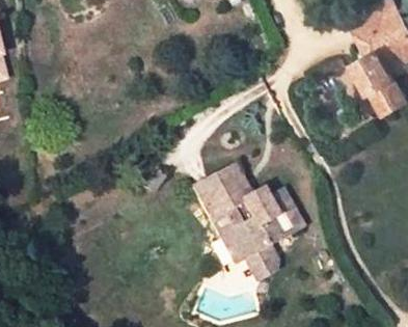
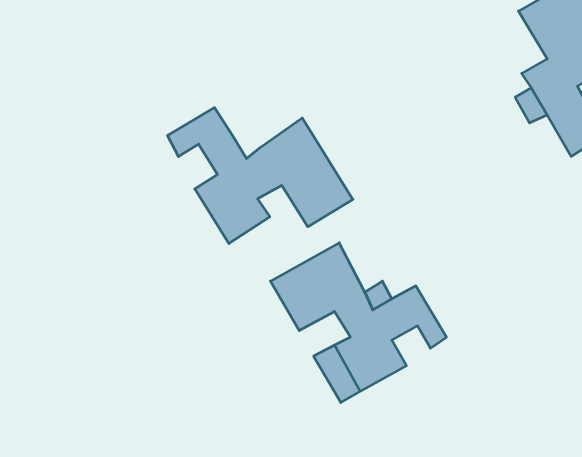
building: none -> [168,108,353,244]

